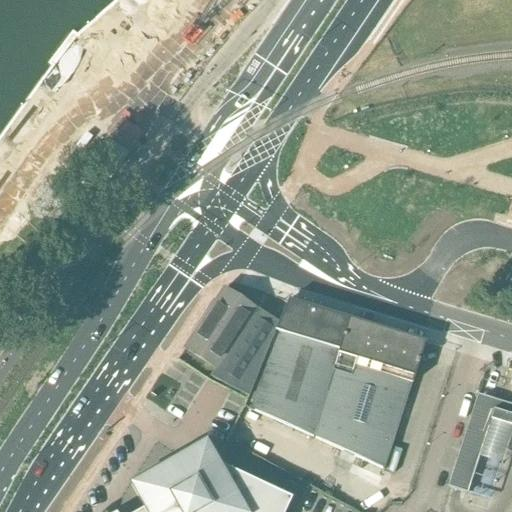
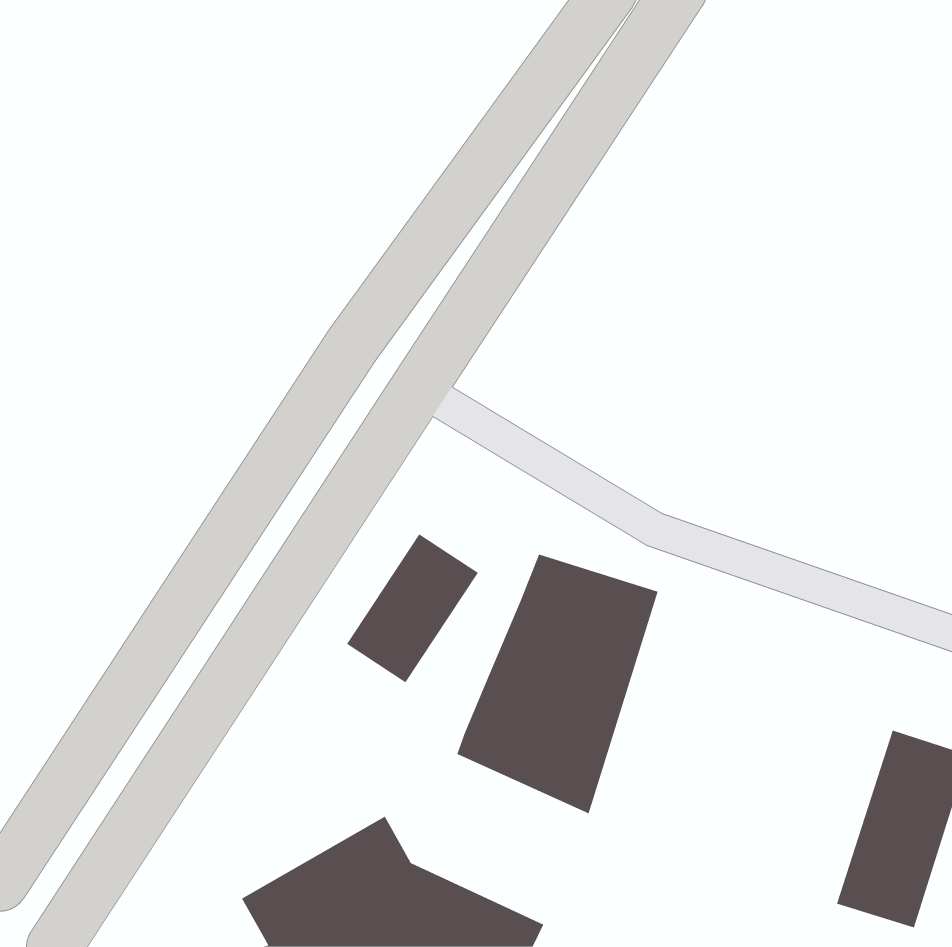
building: [214,306,280,392] -> none
building: [317,316,427,466] -> none

